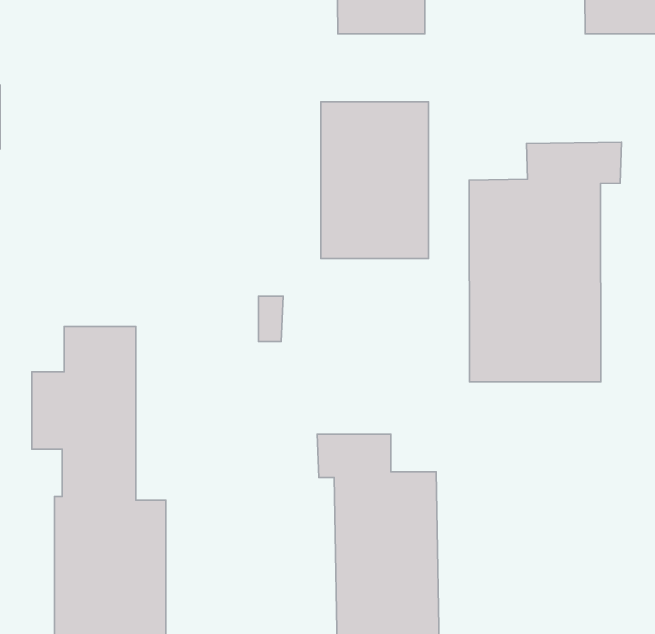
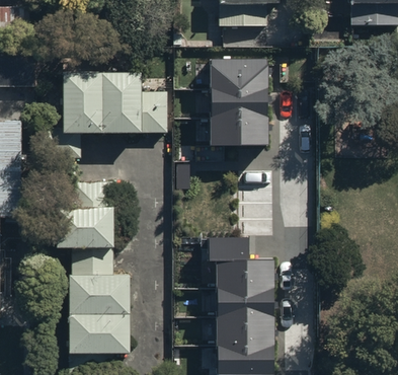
building: none -> [64,71,168,133]
building: [469,142,621,382] -> none

